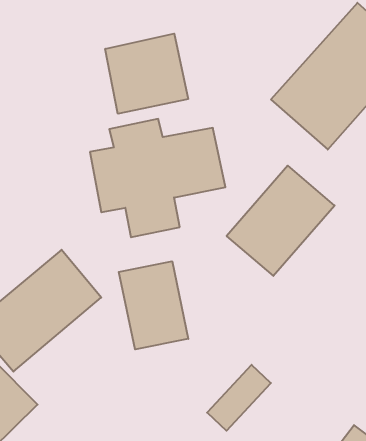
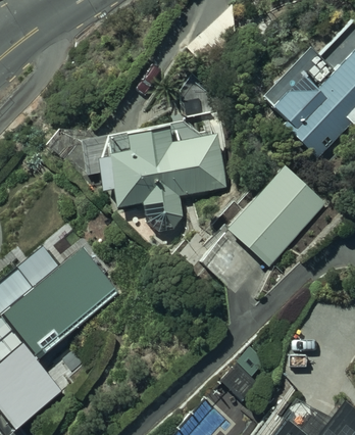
building: [105,34,188,114] -> none
building: [119,261,188,349] -> none

